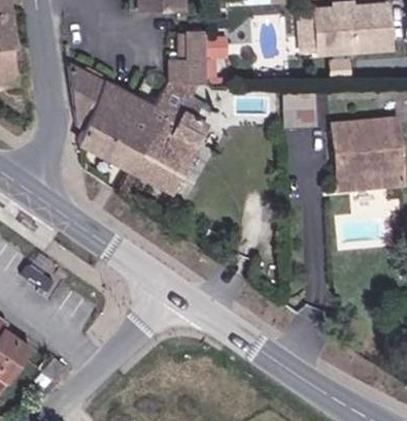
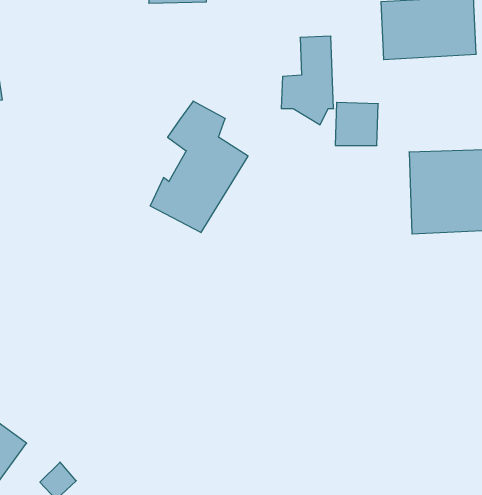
building: [169,31,209,99] -> [281,36,334,125]
building: [70,63,164,167] -> none

